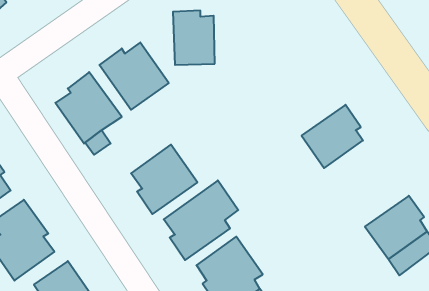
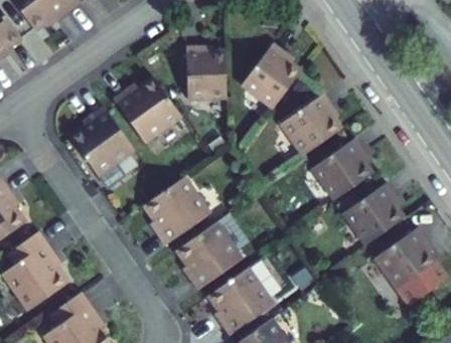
building: none -> [241,43,300,109]
building: none -> [280,94,341,156]
building: none -> [342,182,403,244]

